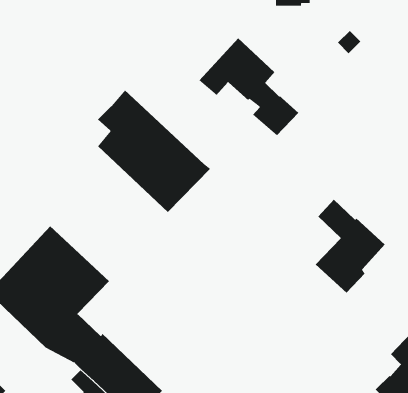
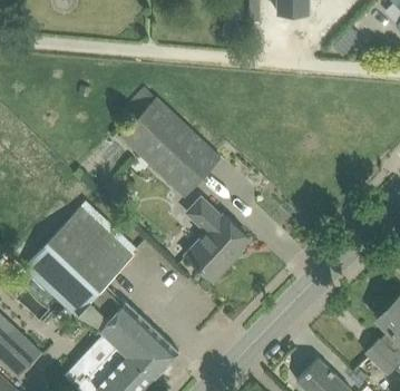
building: [198,38,299,136] -> none
building: [315,199,386,294] -> [185,198,247,282]

